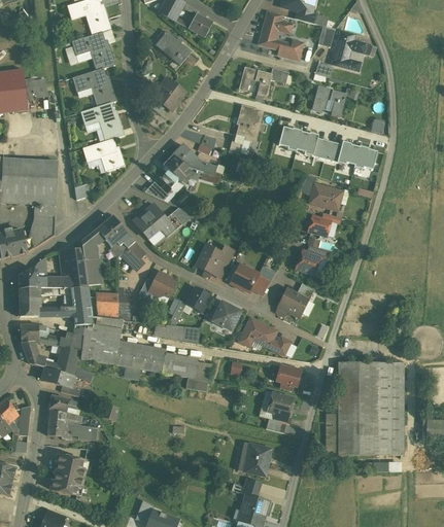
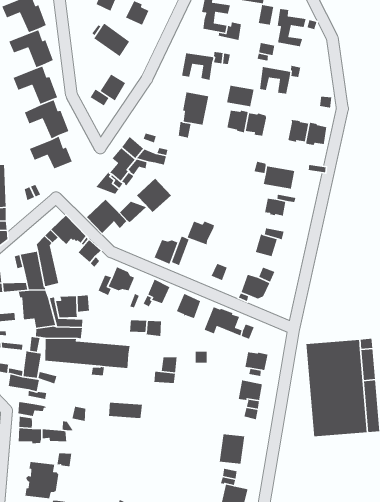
building: [313,138,342,162] -> [226,85,254,107]
building: none -> [136,178,172,213]
building: [230,267,259,292] -> [187,220,215,245]
building: [162,358,197,378] -> [108,402,143,419]

